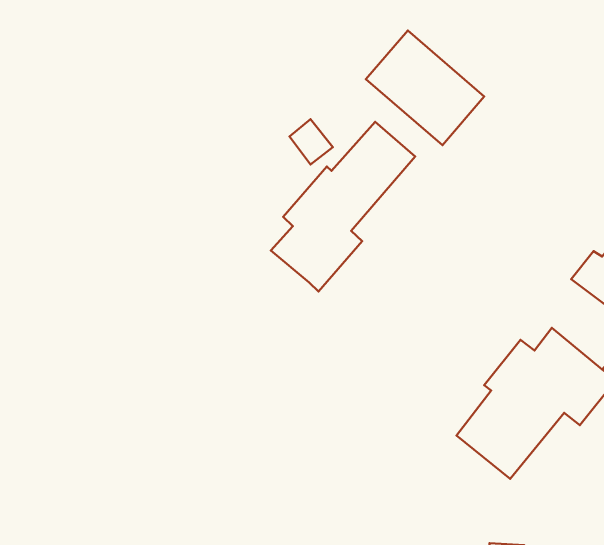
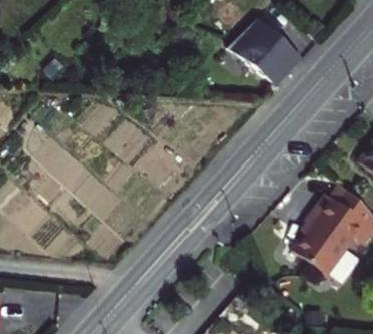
building: [271,122,415,292] -> none

